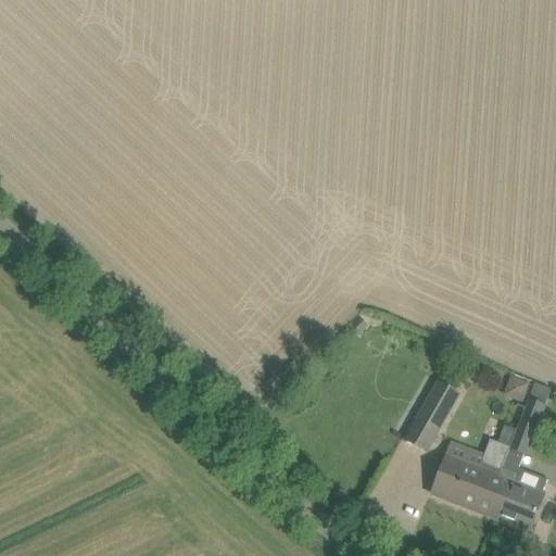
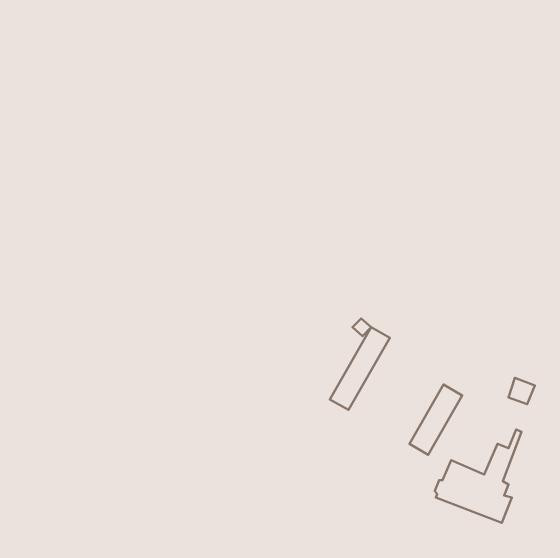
building: none -> [330,327,390,410]
building: [496,397,547,530] -> none

